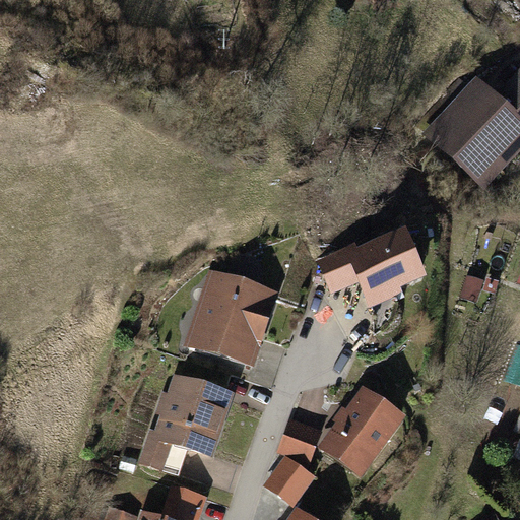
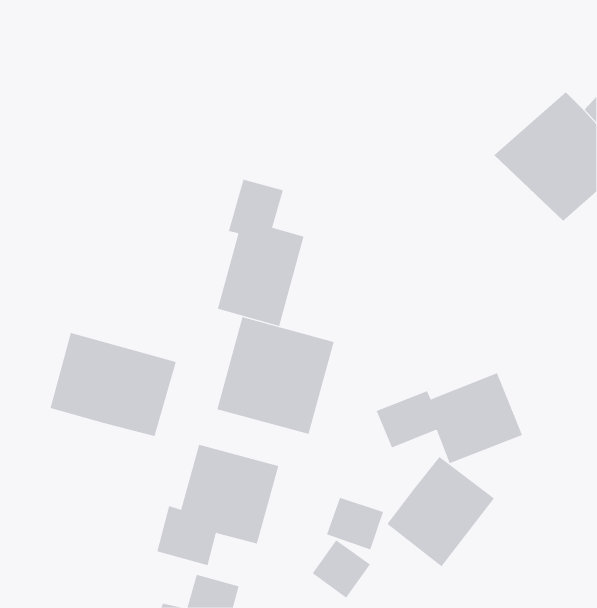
building: none -> [217,179,304,327]
building: [315,225,439,303] -> [376,372,523,464]
building: none -> [50,332,176,437]

